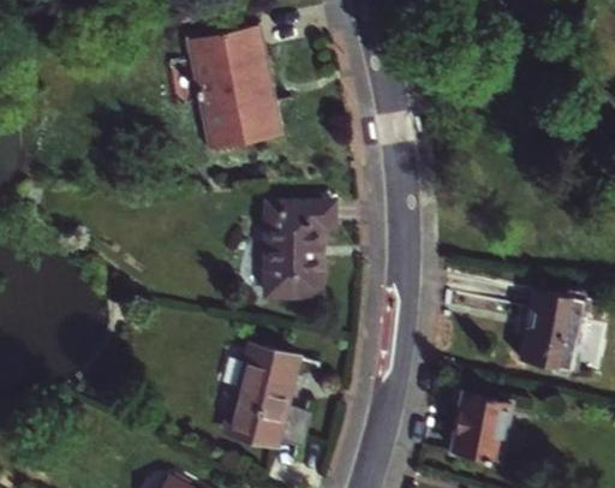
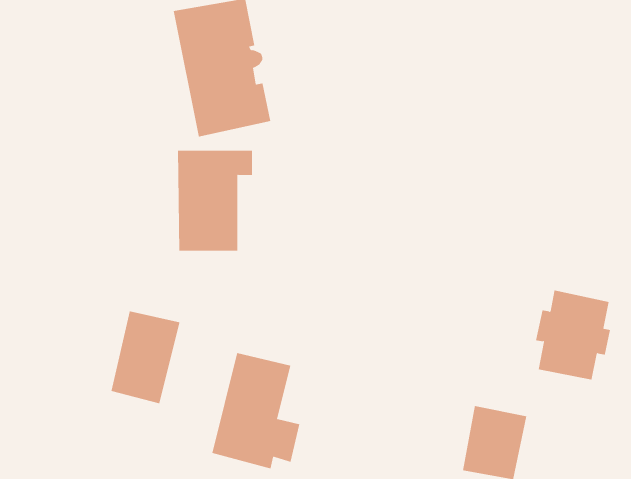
building: [267,204,335,296] -> [177,150,253,251]
building: none -> [111,310,180,404]

